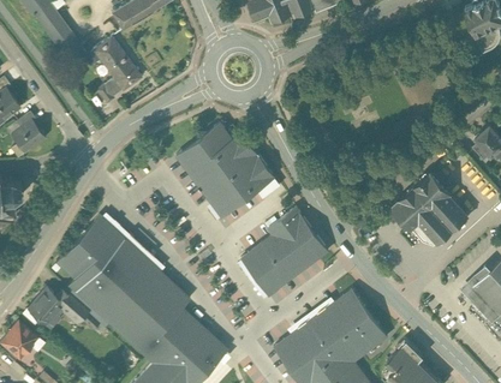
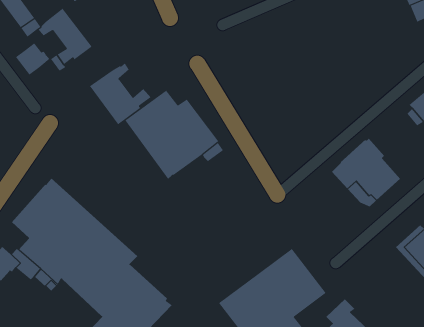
building: none -> [15,42,50,75]
building: none -> [89,63,151,125]
building: [240,208,328,295] -> none

